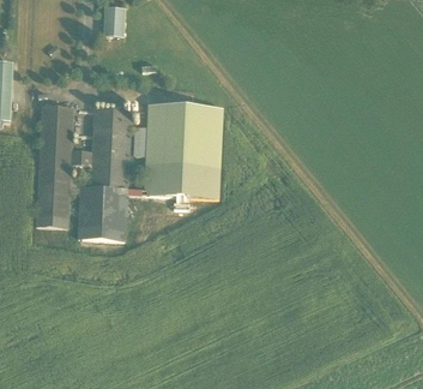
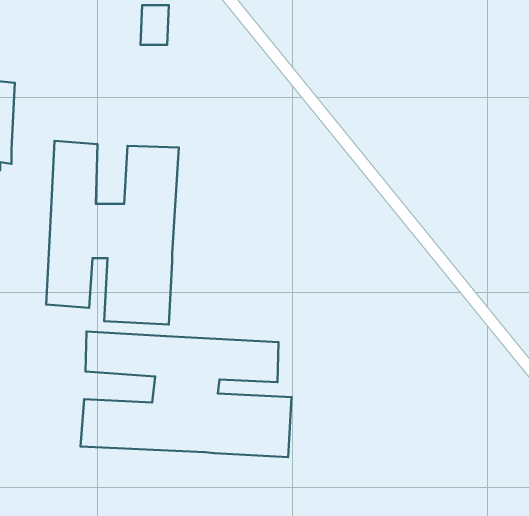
building: [126,107,222,199] -> none
building: none -> [80,332,291,457]

